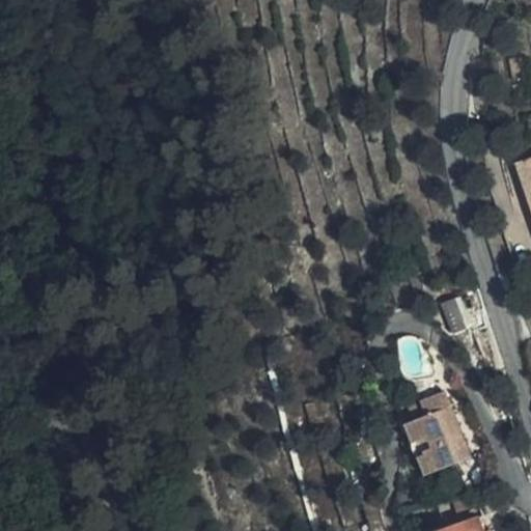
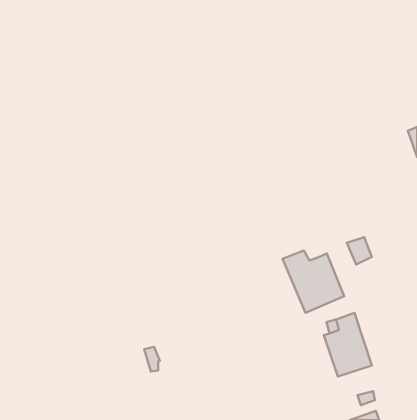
building: none -> [282,250,344,313]

